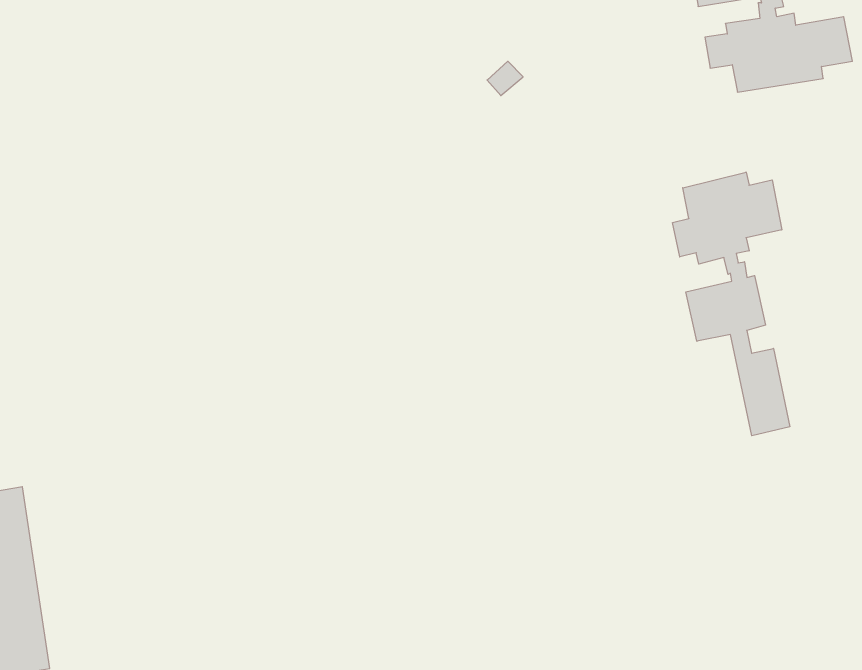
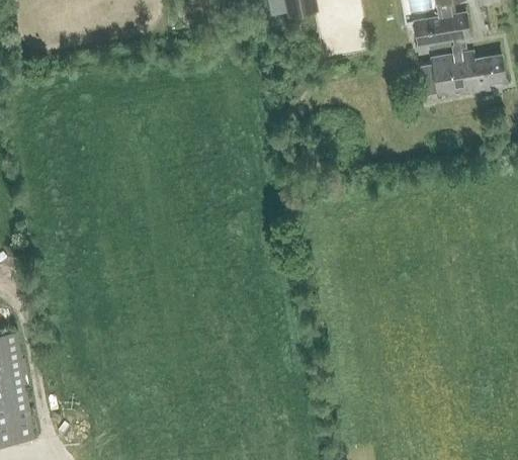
building: [673,172,790,436] -> none

